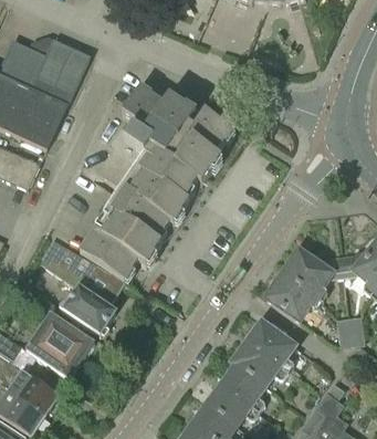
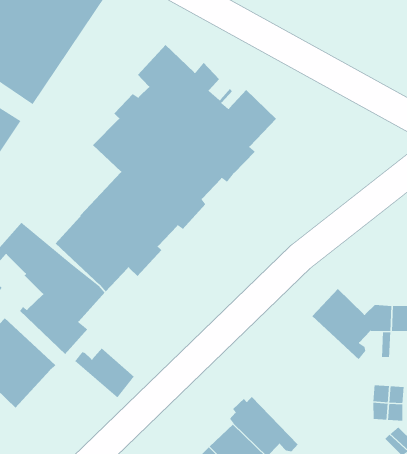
building: [266,274,323,321] -> none
building: [247,322,294,373] -> none
building: none -> [74,347,135,399]

